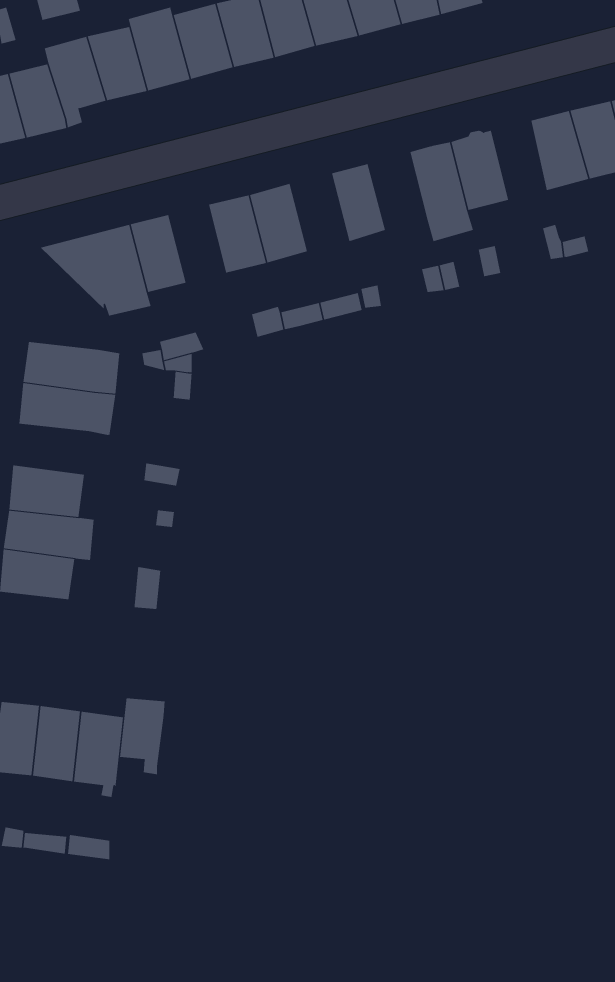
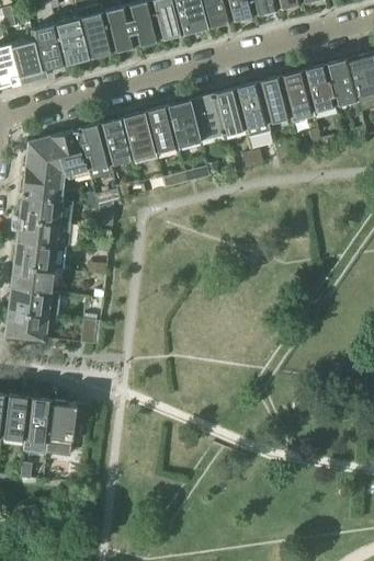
building: none -> [282,71,315,124]
building: none -> [213,89,246,133]
building: none -> [169,101,202,145]
building: none -> [101,118,133,162]
building: none -> [22,142,65,199]
building: none -> [13,241,67,271]
building: [119,698,165,775] -> none

